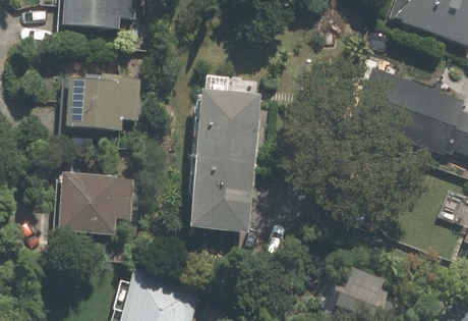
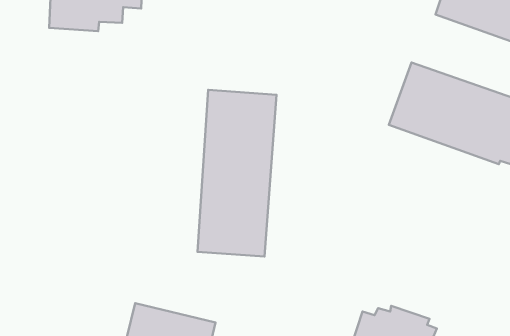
building: [61,74,141,136] -> none
building: [60,174,134,235] -> none

